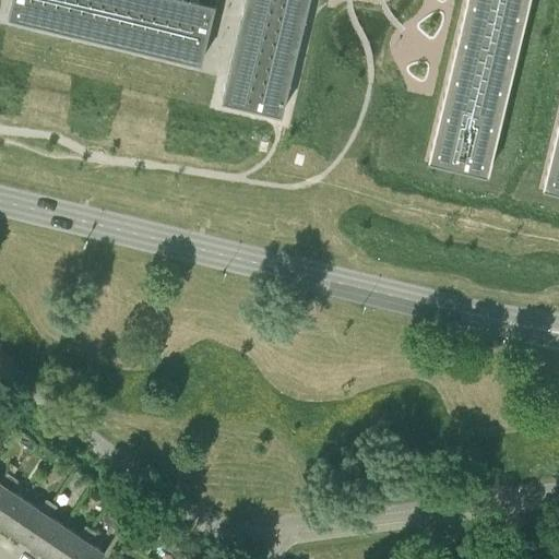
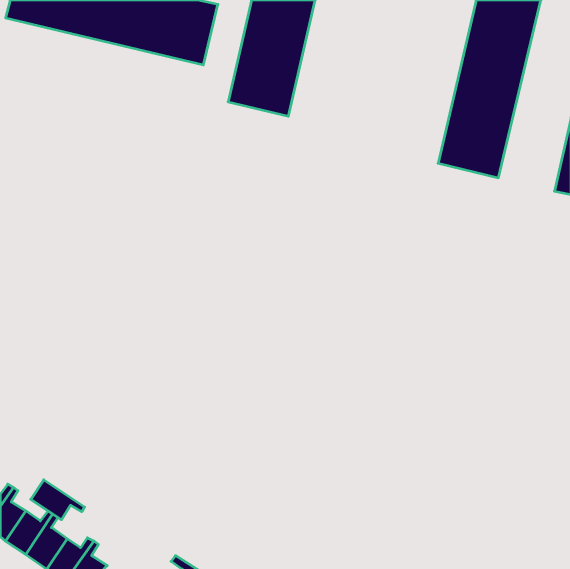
building: none -> [31,480,85,520]

